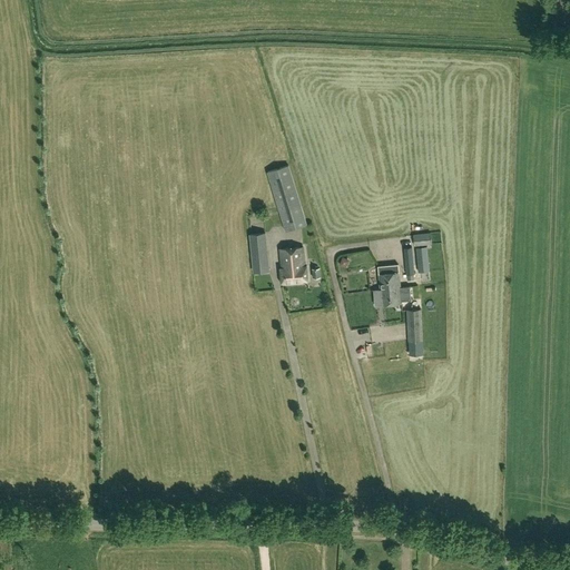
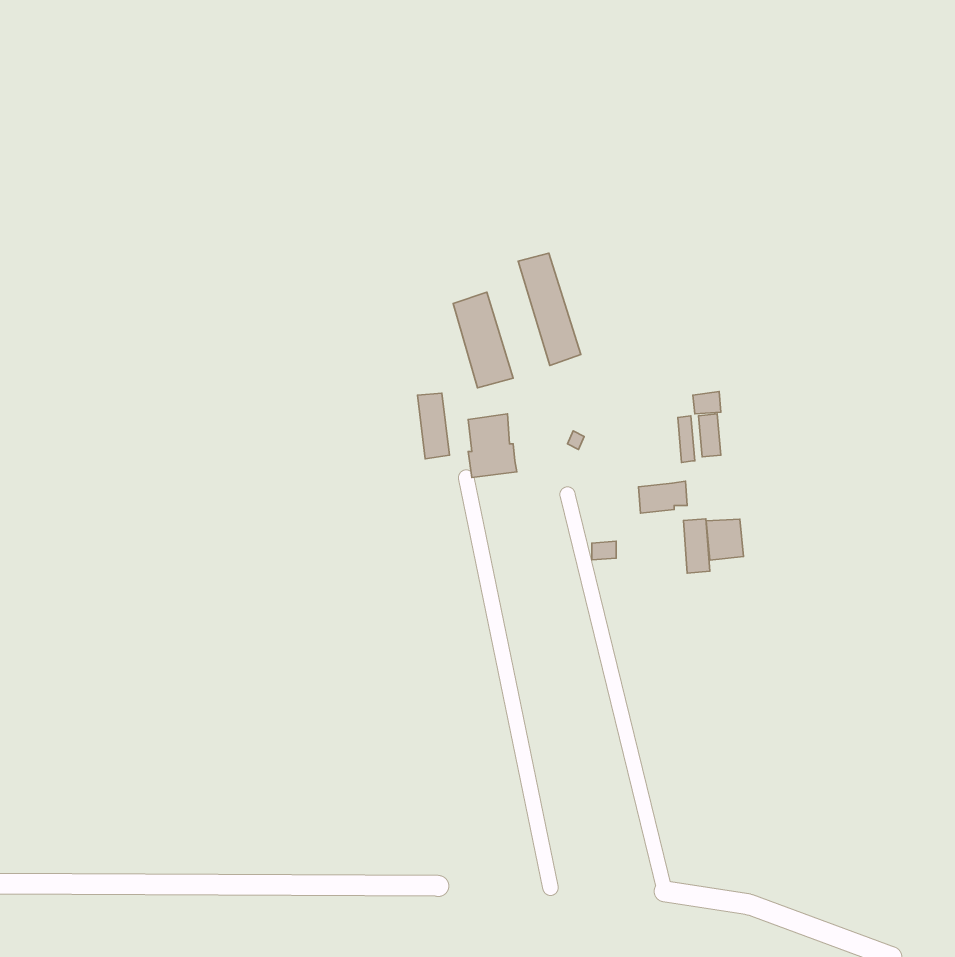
building: none -> [518,253,581,366]
building: [377,265,400,289] -> [706,519,744,560]

